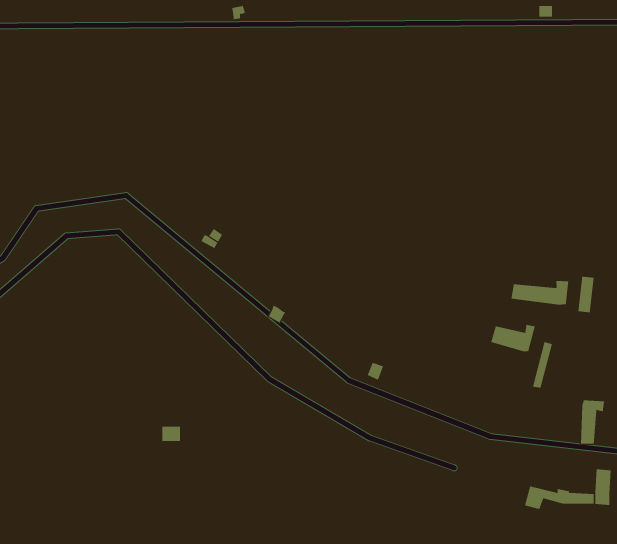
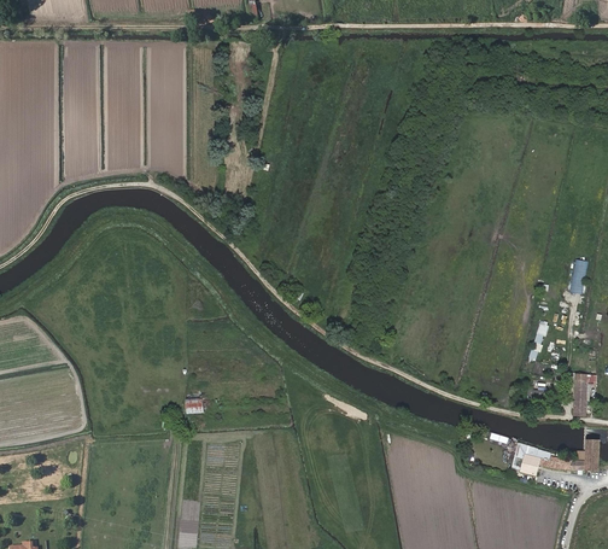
building: [511,280,569,306] -> none
building: [490,324,535,352] -> none

